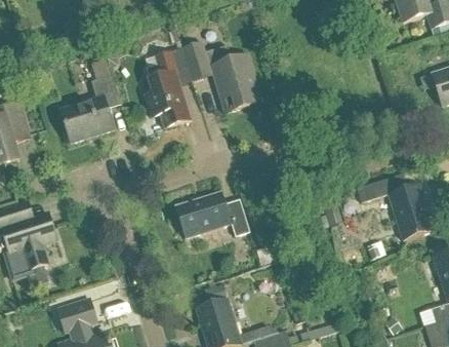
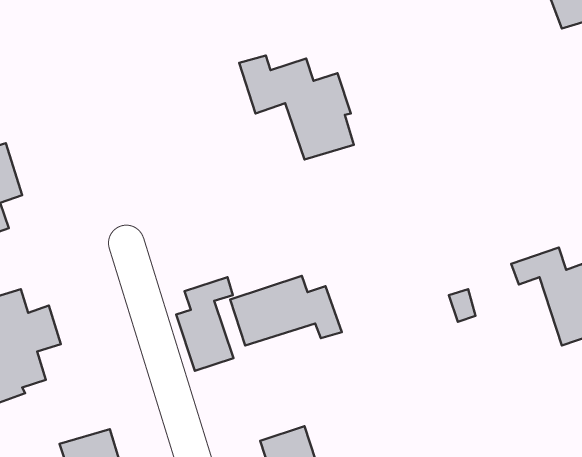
building: [145,45,192,125] -> none
building: [59,56,123,144] -> none
building: none -> [176,277,234,371]

